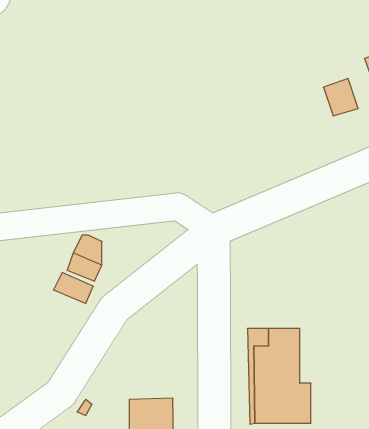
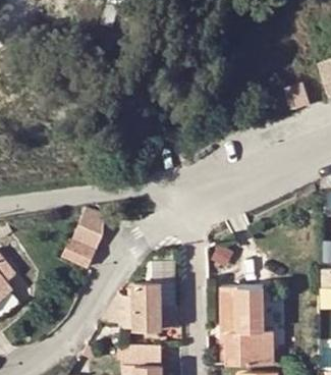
building: none -> [101,262,177,328]

